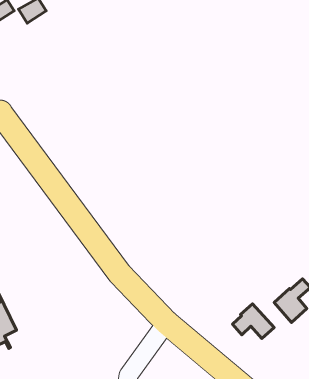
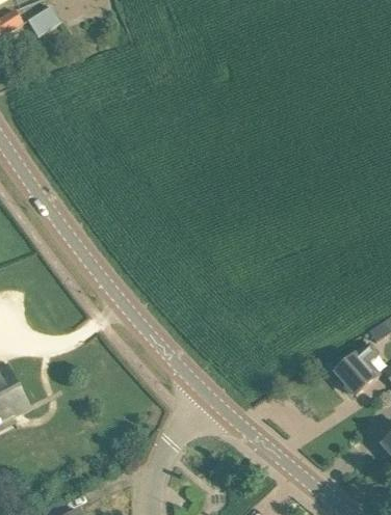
building: [232,304,274,338] -> none

